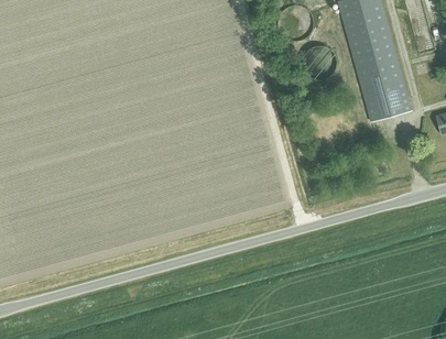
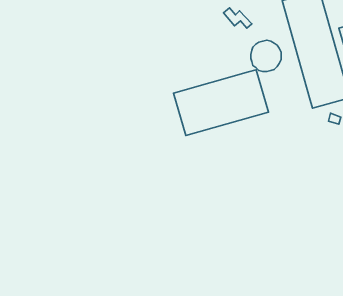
building: none -> [174,70,269,135]

